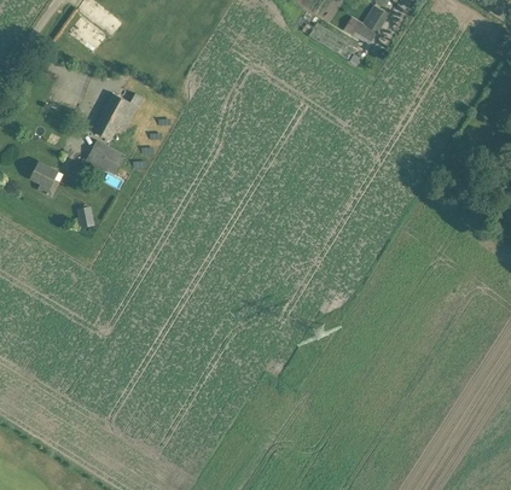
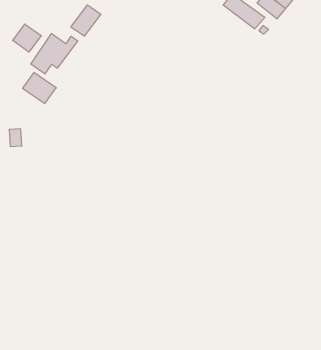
building: none -> [71,5,101,36]
building: none -> [13,24,41,52]

